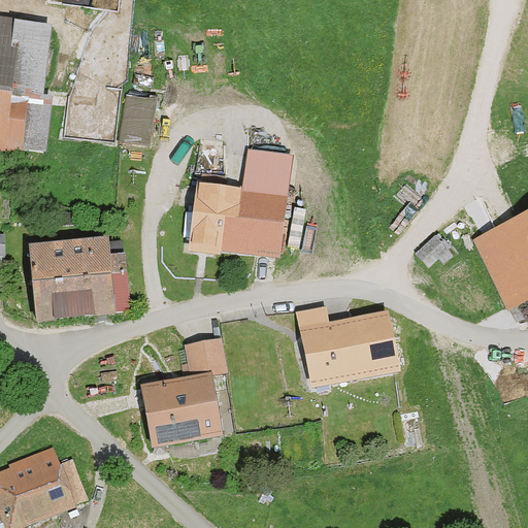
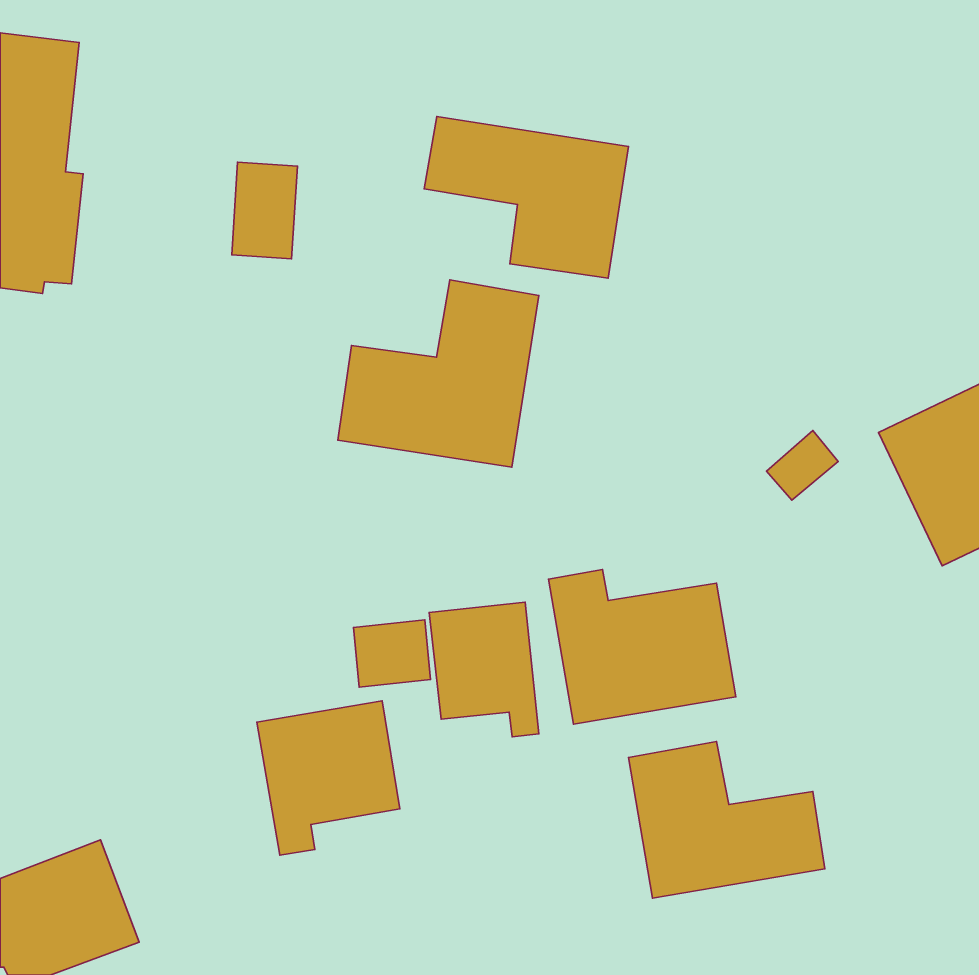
building: none -> [424,117,628,278]
building: [22,239,124,318] -> none
building: none -> [429,602,539,737]
building: none -> [628,741,825,898]

